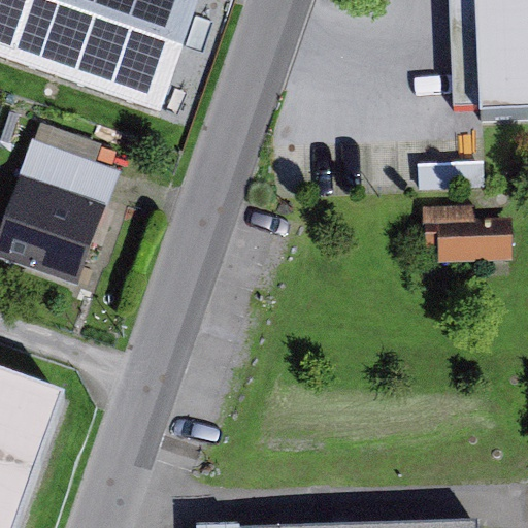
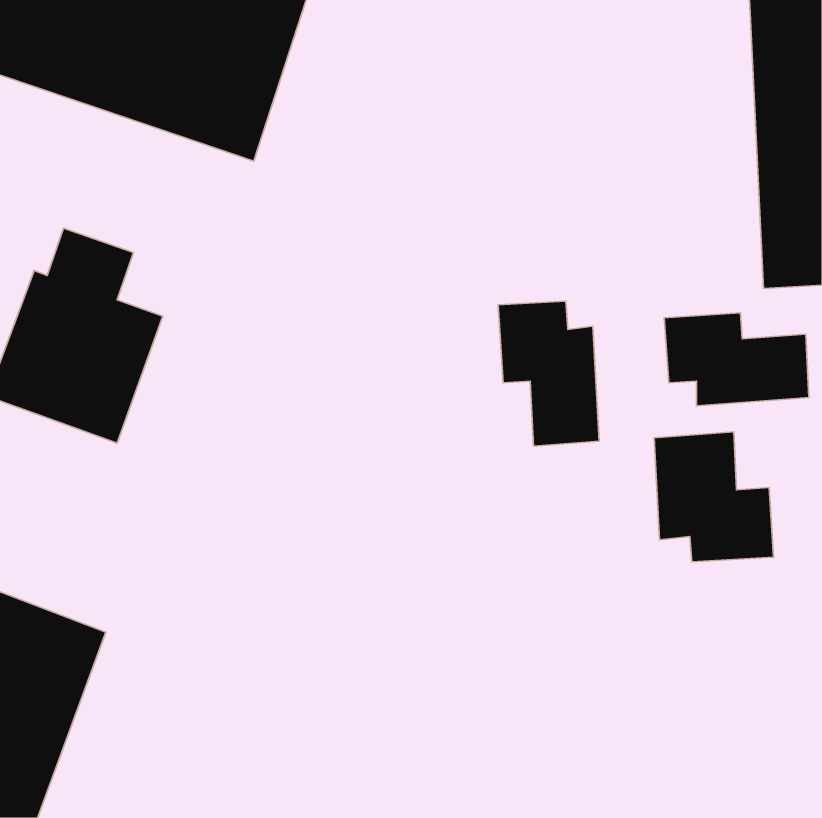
building: none -> [498,301,599,446]
building: none -> [654,432,773,562]

